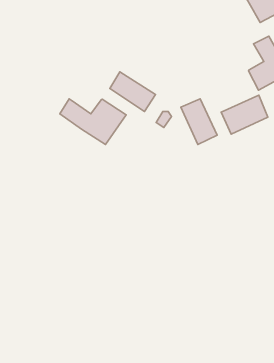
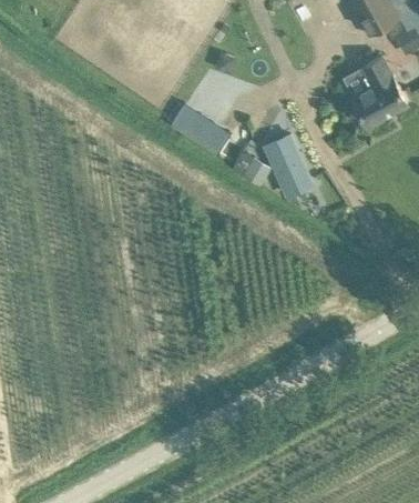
building: [221,95,268,134] -> none
building: [60,99,126,145] -> none

